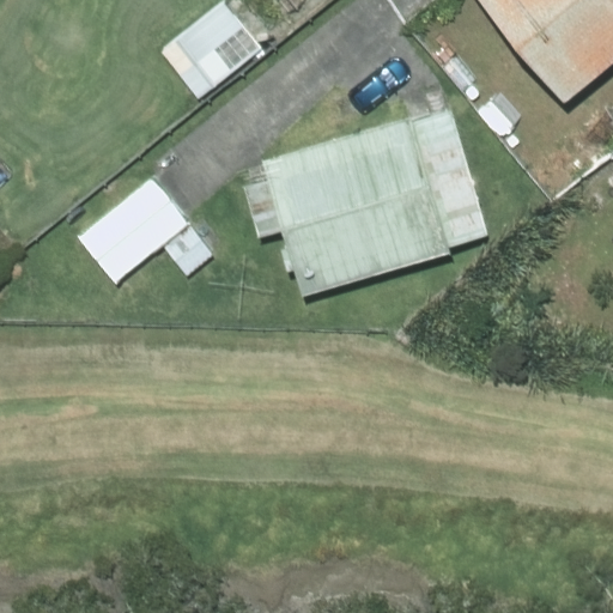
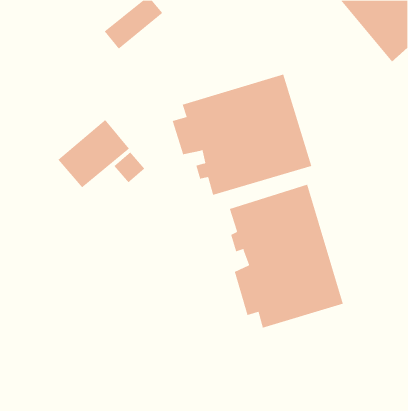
building: none -> [229,184,344,329]

